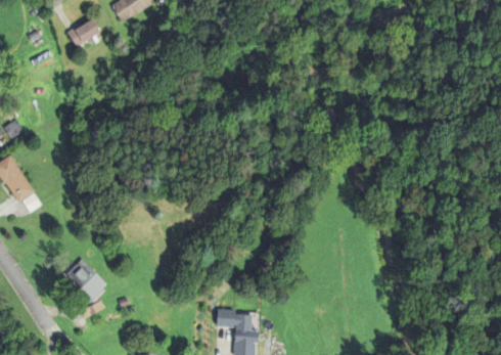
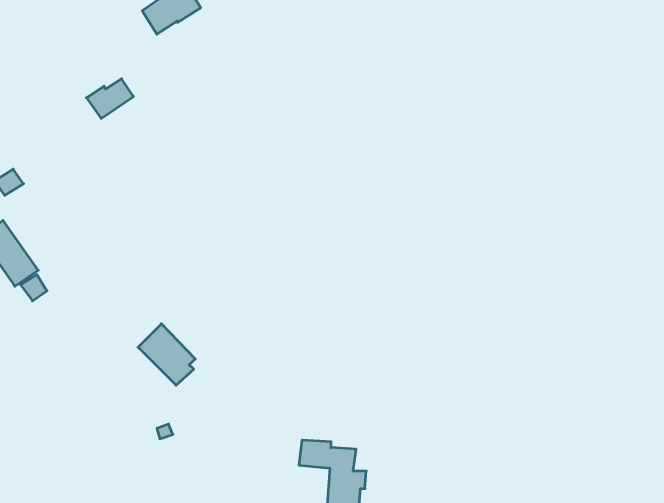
building: [63,21,96,49] -> [86,79,133,118]
building: [66,258,106,301] -> [138,324,195,385]

